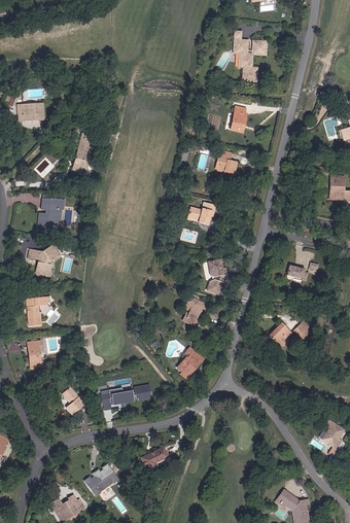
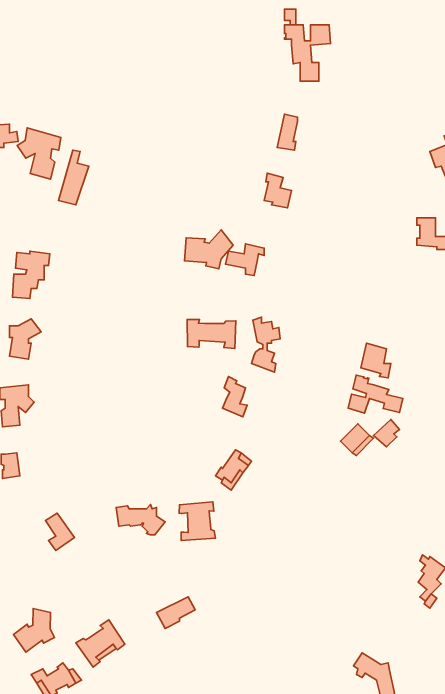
building: none -> [17,128,61,179]
building: none -> [184,230,233,269]
building: none -> [187,319,236,348]
building: none -> [348,375,403,413]
building: none -> [179,502,215,540]
building: none -> [14,609,54,652]

